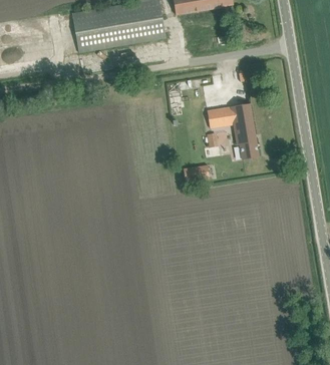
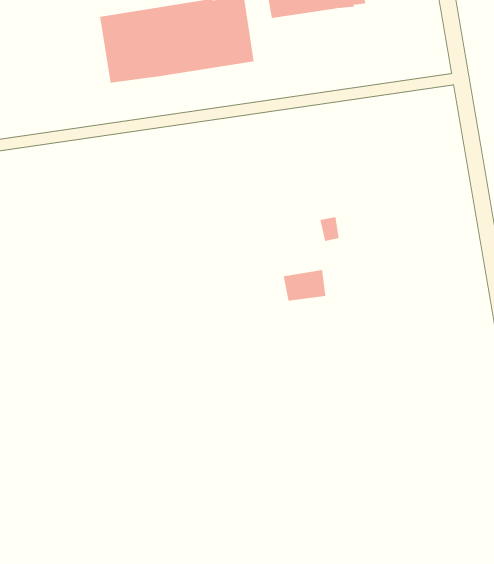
building: [208,103,259,159] -> none

